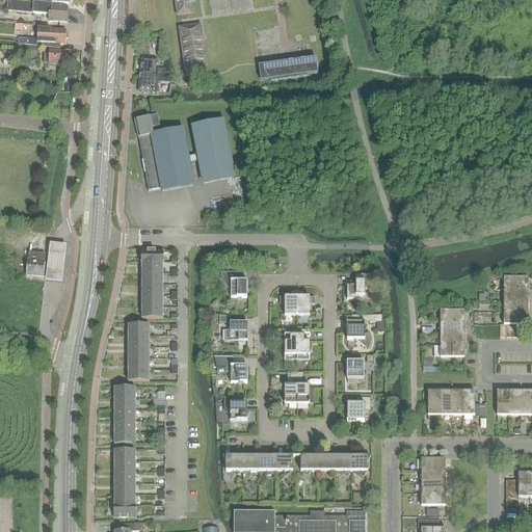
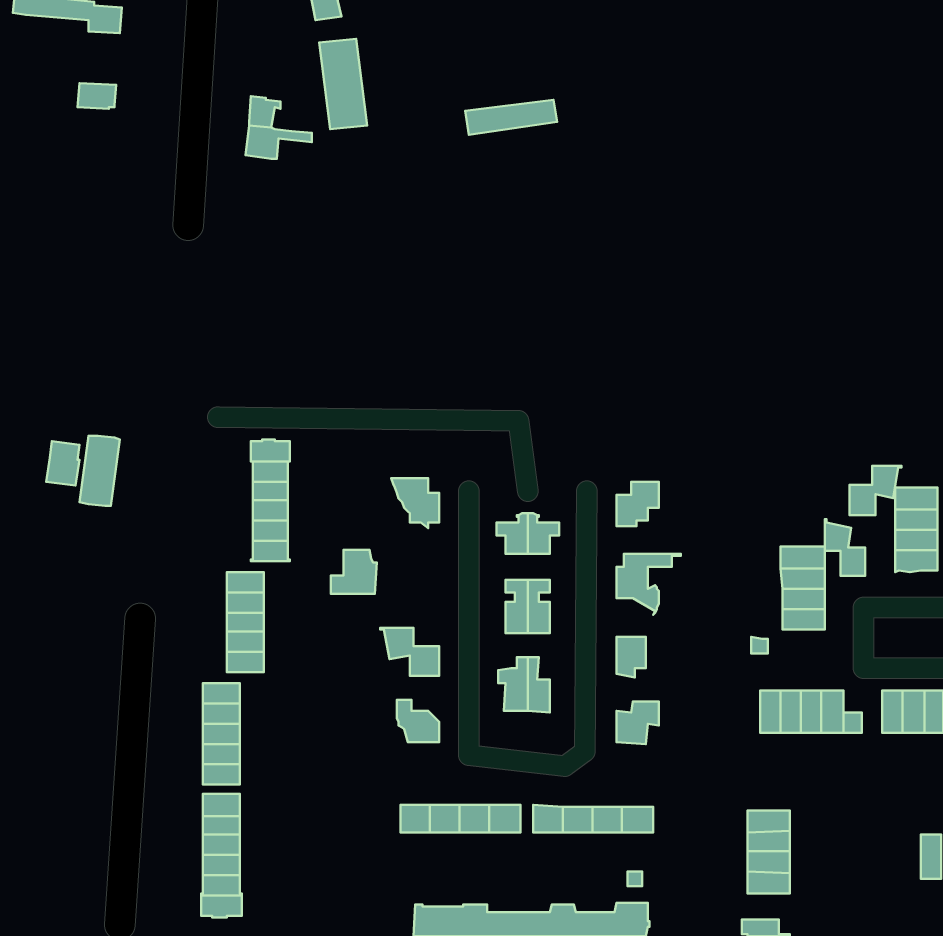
building: [26,26,66,46] -> none
building: [134,111,234,188] -> none
building: none -> [849,466,901,515]
building: none -> [825,519,865,576]
building: [222,313,248,338] -> [331,550,377,594]

